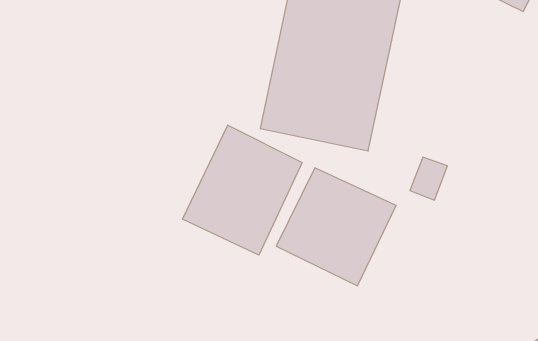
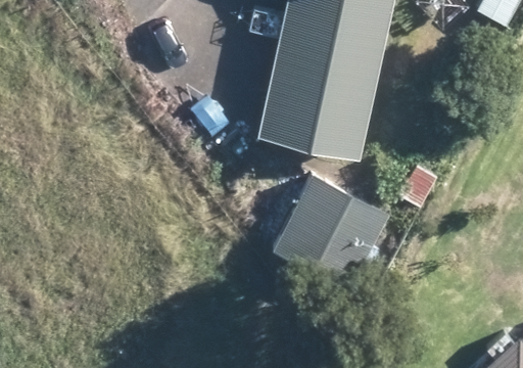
building: [183,125,302,255] -> none

